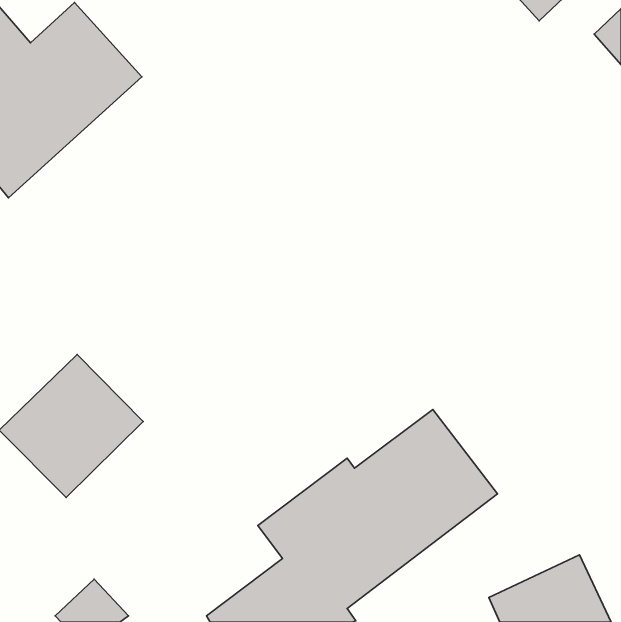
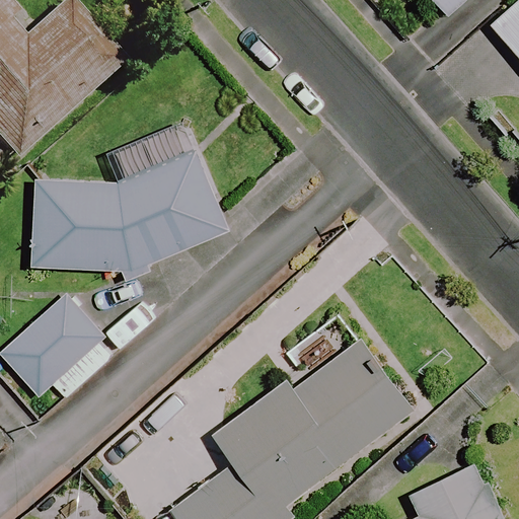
building: none -> [33,150,229,274]

